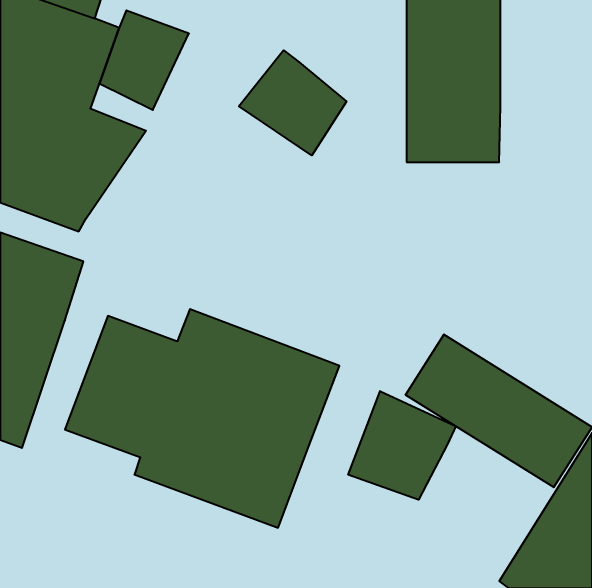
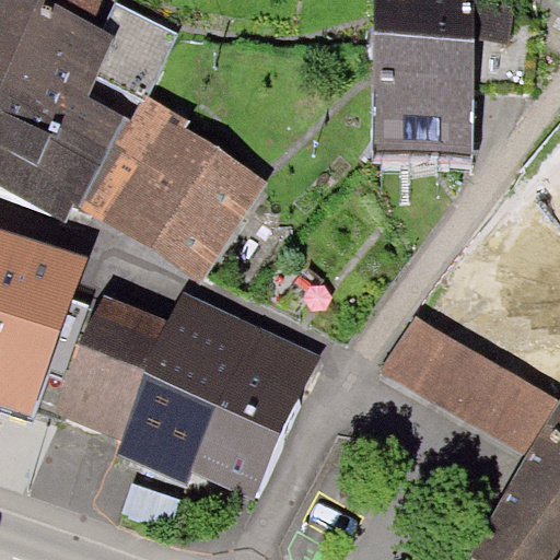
building: [239,50,346,155] -> none
building: none -> [81,107,266,285]
building: [348,391,456,500] -> none

